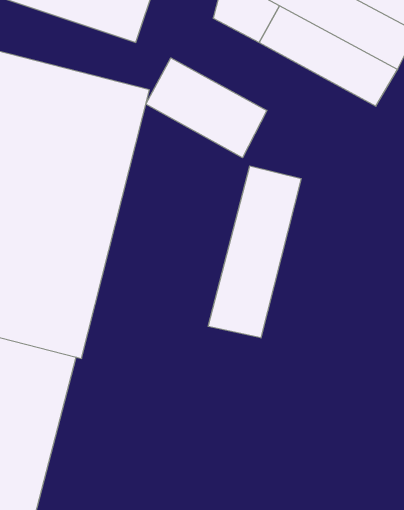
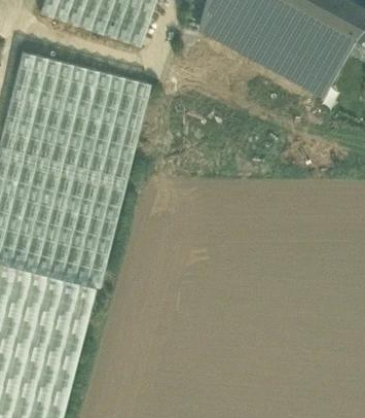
building: [146,58,267,158] -> none
building: [208,166,301,338] -> none

